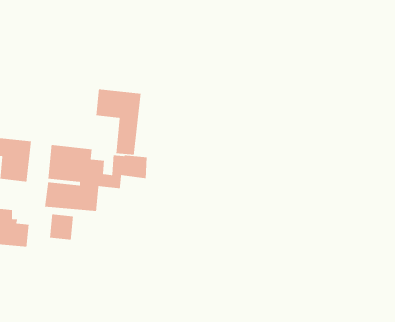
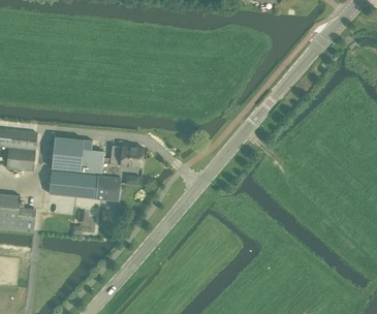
building: [95,88,141,155] -> none
building: [49,214,74,240] -> [96,175,119,199]

